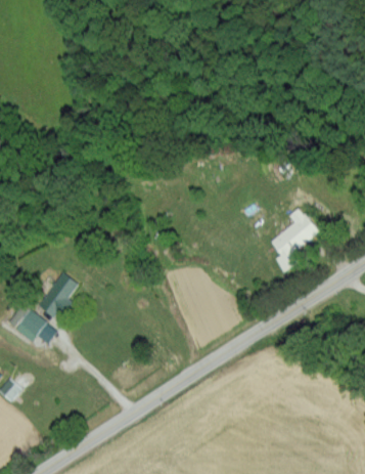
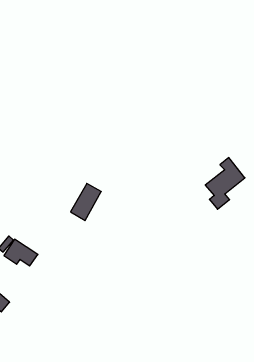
building: [40,272,79,319] -> [71,183,101,221]

